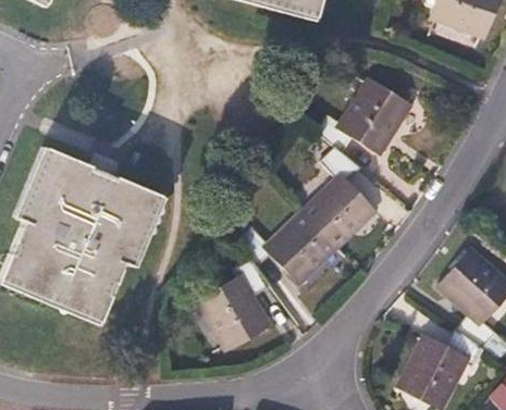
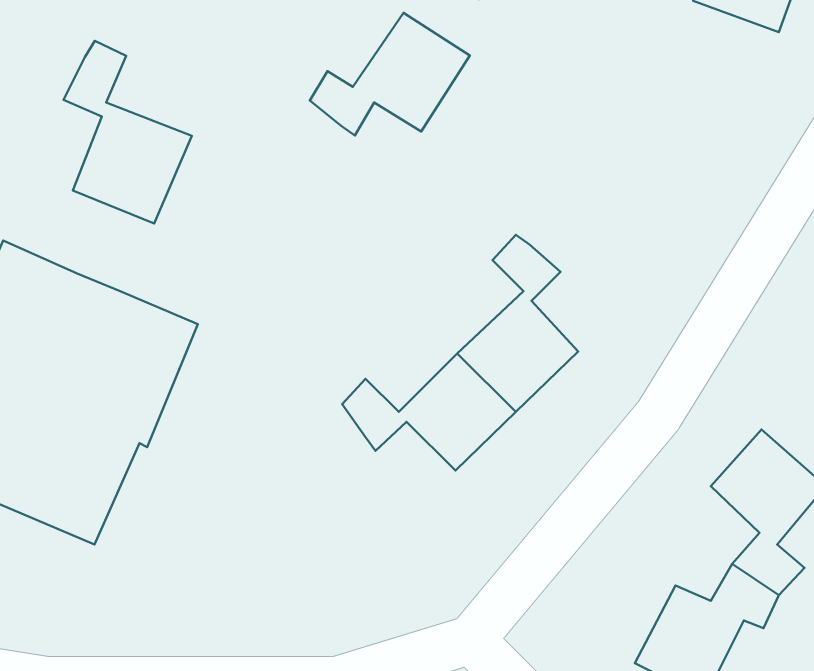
building: none -> [63,41,192,224]
building: [318,84,407,152] -> [310,13,470,136]
building: [203,260,270,344] -> none

